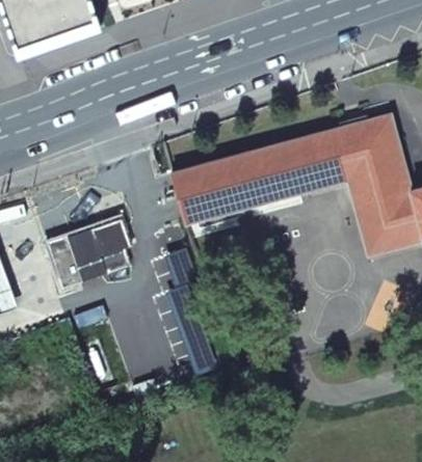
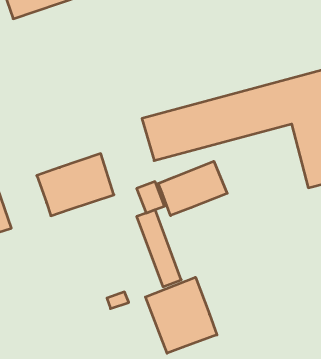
building: none -> [158,161,227,216]
building: none -> [145,277,217,353]

